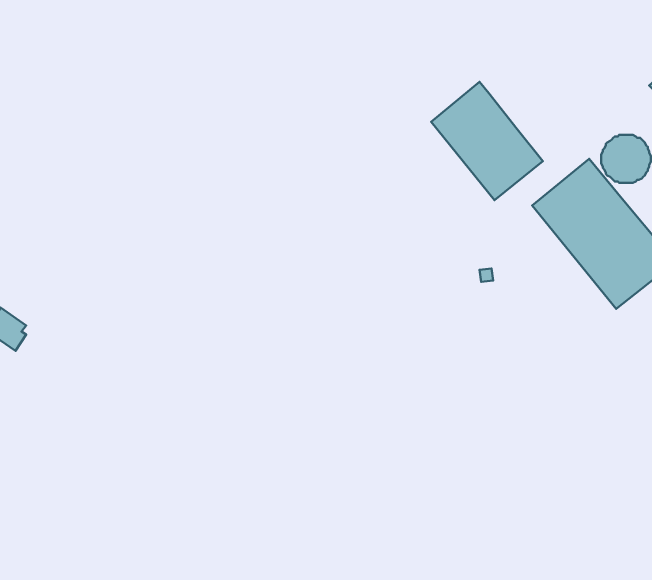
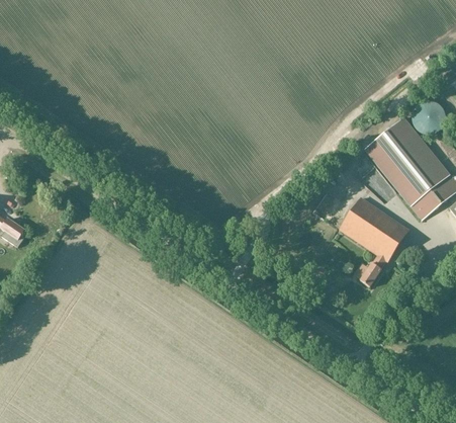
building: [431,82,543,200] -> none
building: none -> [339,197,407,286]

